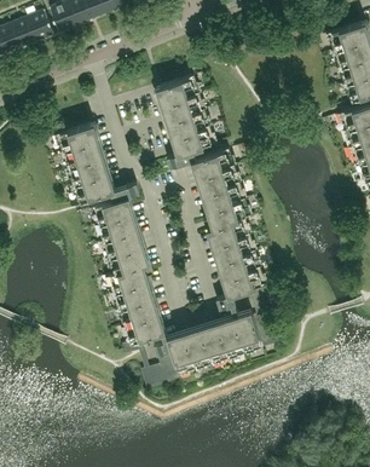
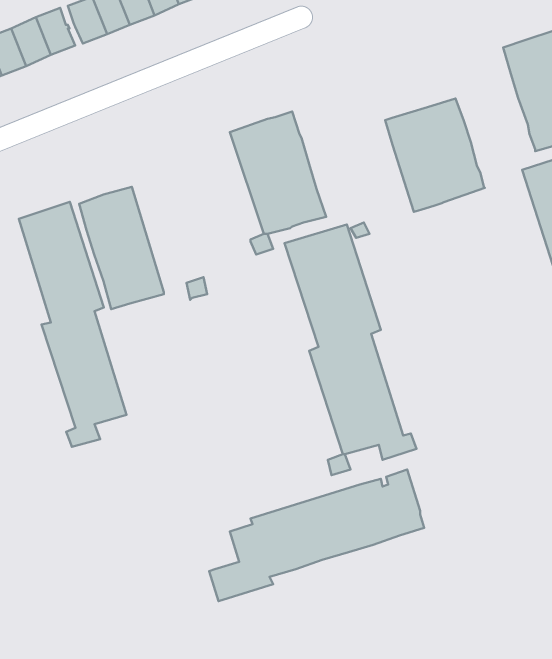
building: none -> [385,99,485,212]
building: [92,195,161,352] -> [19,202,126,447]

